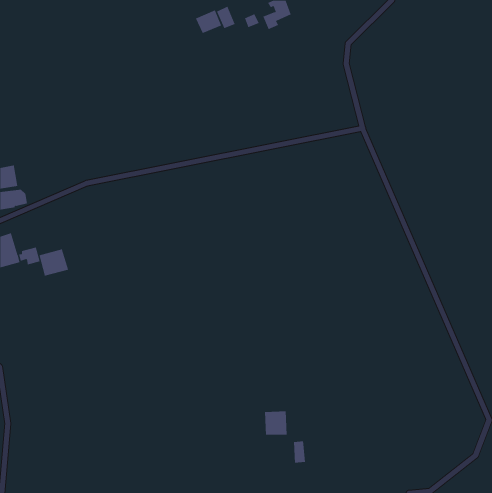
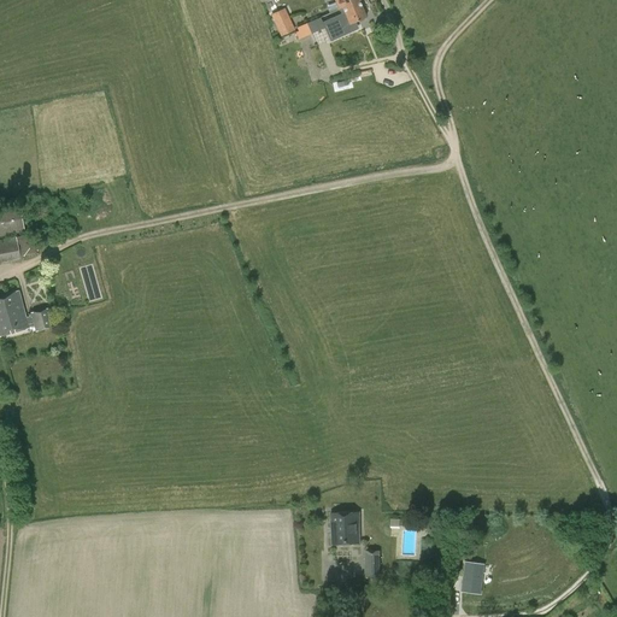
building: [195,10,222,34] -> none
building: [39,249,69,277] -> none
building: none -> [460,562,483,594]

